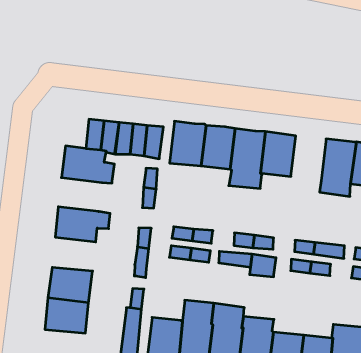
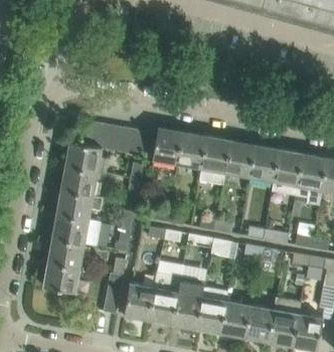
building: none -> [248,146,279,183]
building: none -> [60,167,97,196]
building: none -> [52,214,100,245]

